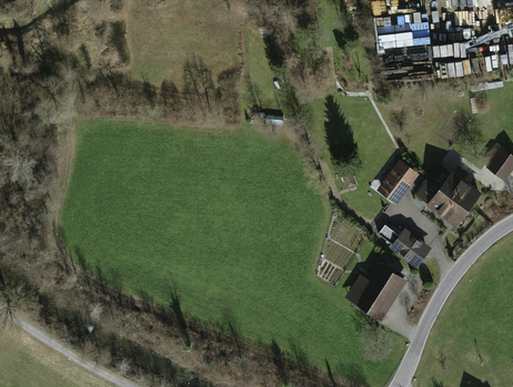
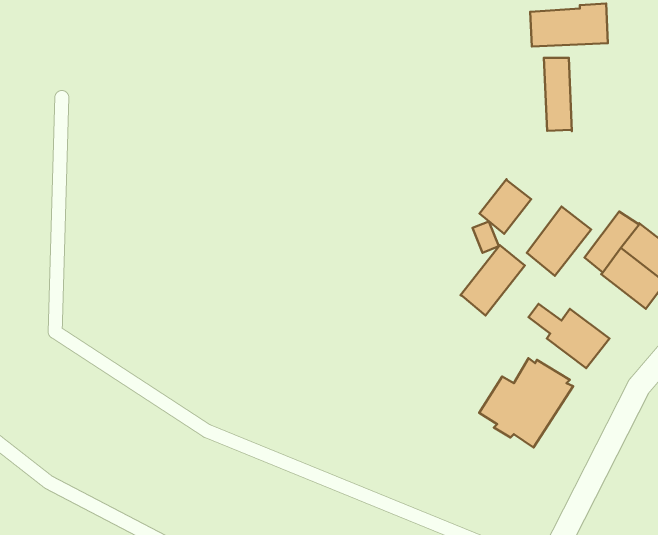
building: none -> [544,58,572,131]
building: none -> [479,179,531,234]
building: none -> [460,245,525,316]

